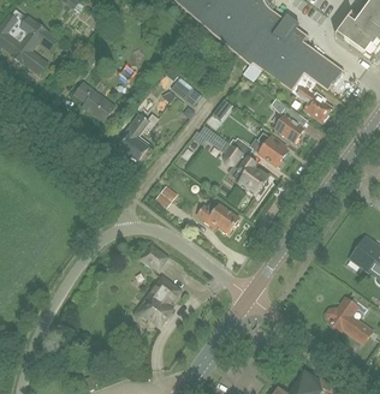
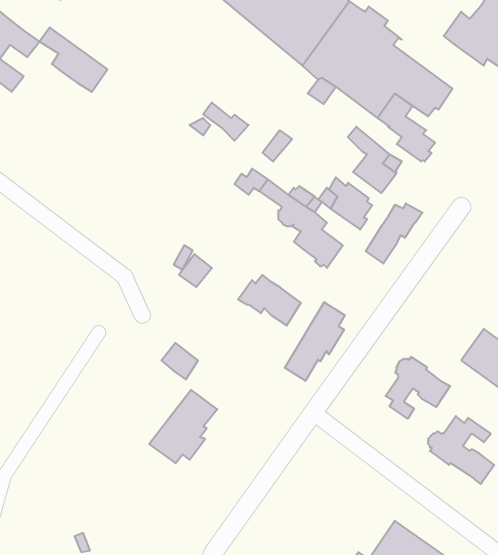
building: [69,77,115,121] -> [39,27,107,92]
building: [119,113,158,160] -> none
building: none -> [366,203,423,264]
building: none -> [285,302,345,381]
building: none -> [385,357,450,419]

